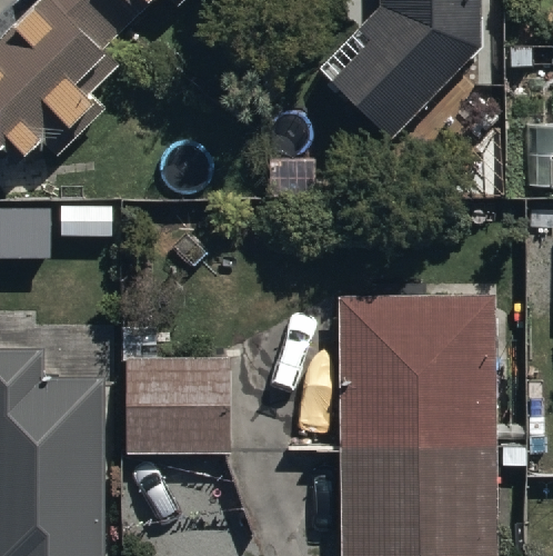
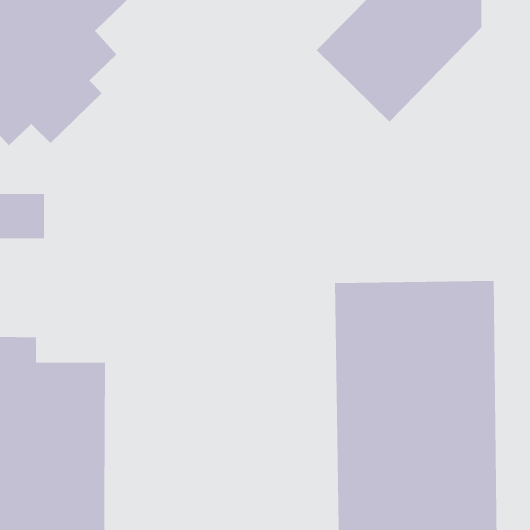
building: [122,329,230,456] -> none

